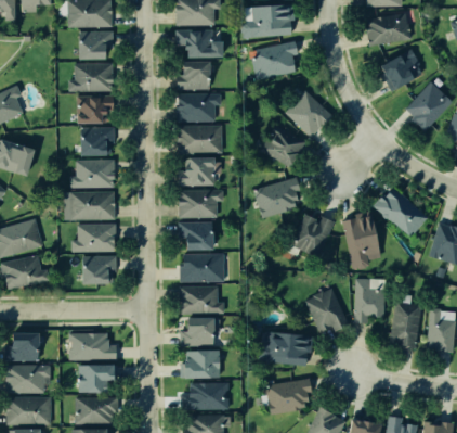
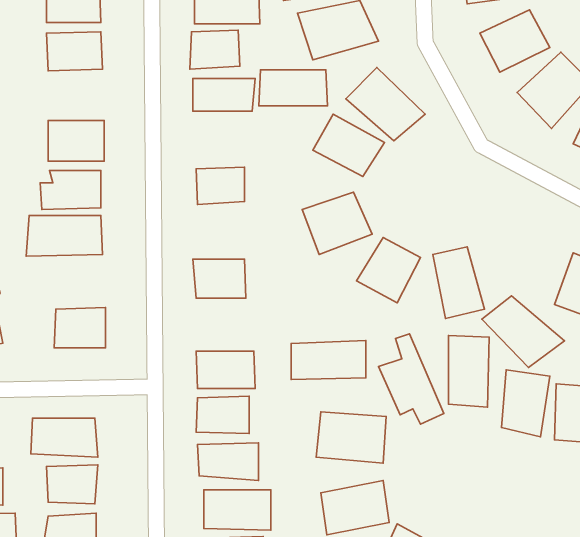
building: [73,94,114,122] -> none
building: [175,128,223,153] -> [259,70,327,106]
building: [374,188,431,238] -> [482,296,564,367]
building: [177,189,217,217] -> none
building: [77,224,115,253] -> none
building: [179,254,231,281] -> [291,341,366,379]

